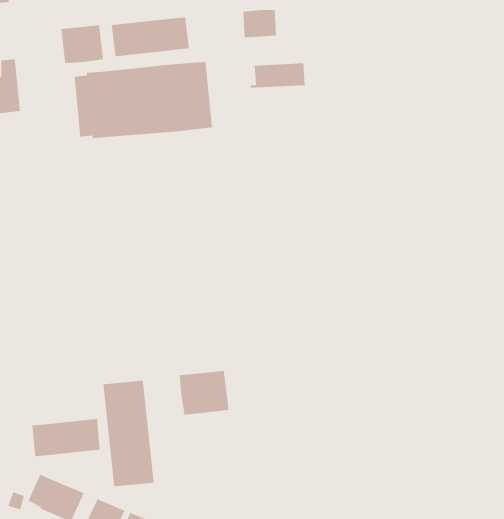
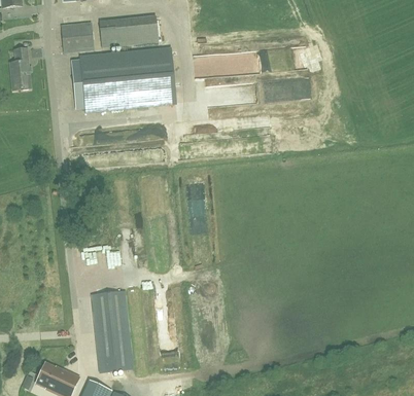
building: [242,9,277,38] -> none
building: [179,370,229,415] -> none
building: [32,418,101,457] -> none

